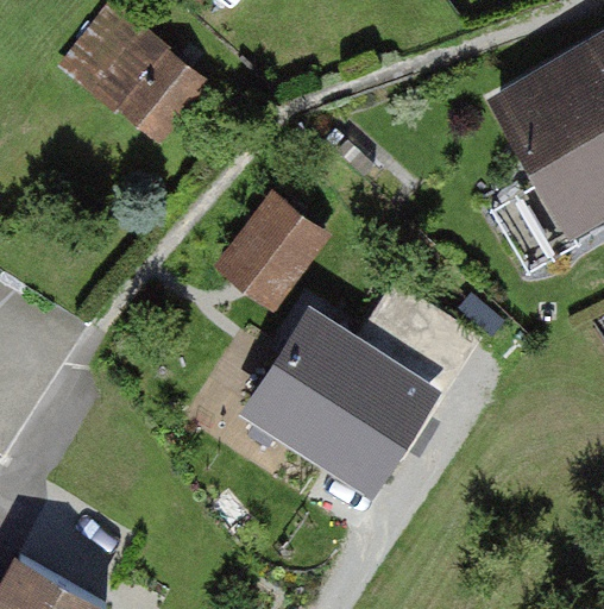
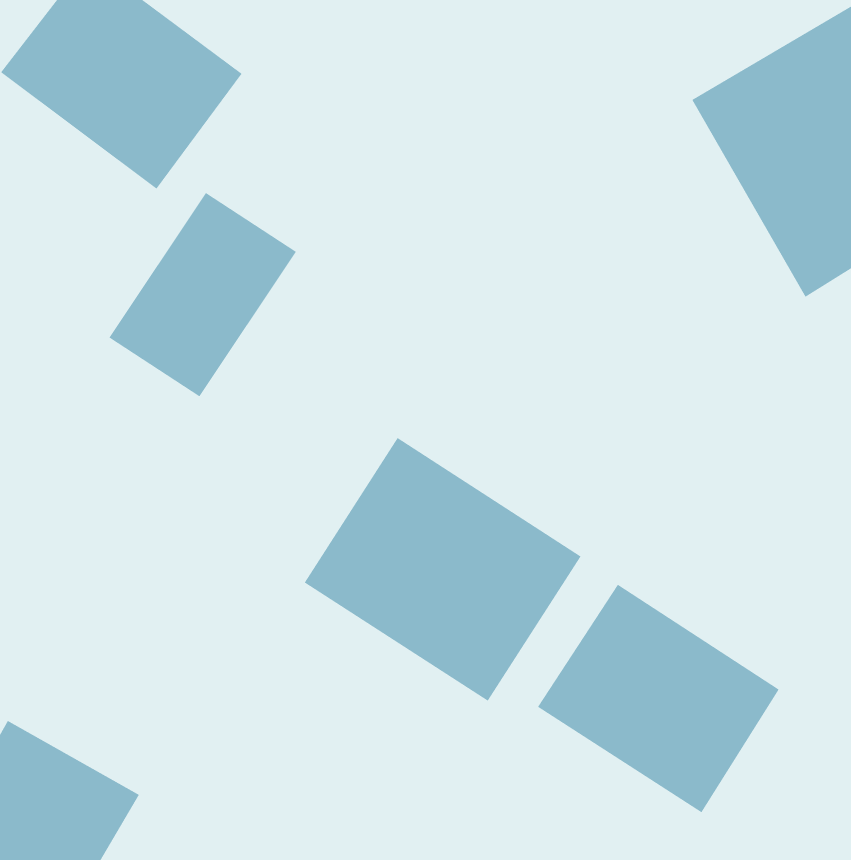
building: [221,176,341,307] -> [109,192,297,397]
building: none -> [537,584,780,813]

